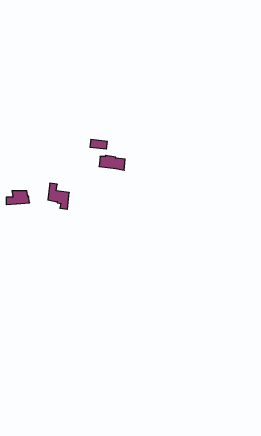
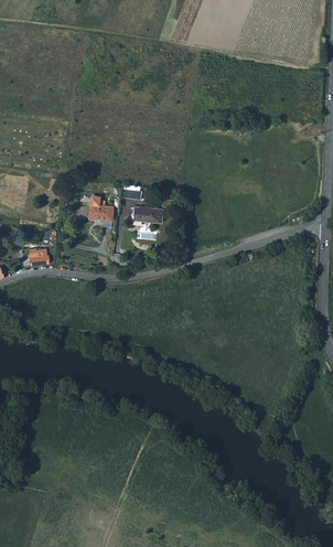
building: [48,183,69,209] -> [89,195,115,226]

